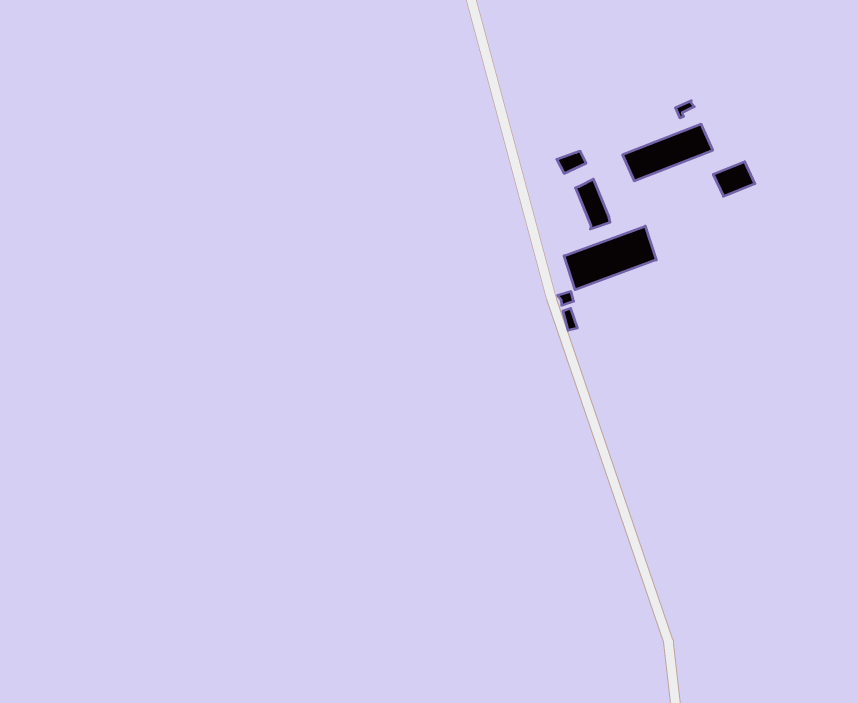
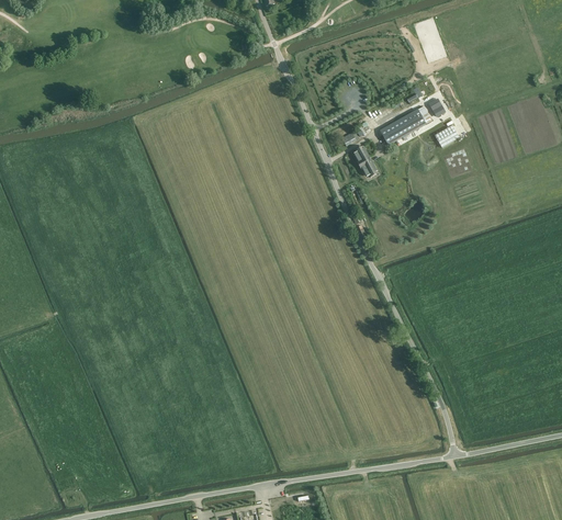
building: [564,226,656,290] -> none

